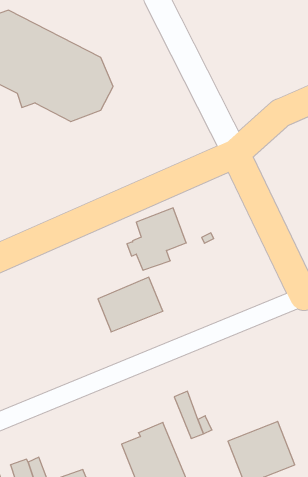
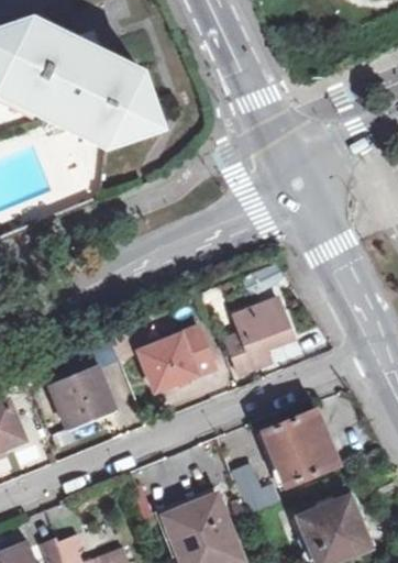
building: [127,208,186,270] -> [220,301,289,374]
building: none -> [51,366,117,428]
building: none -> [264,411,336,485]

